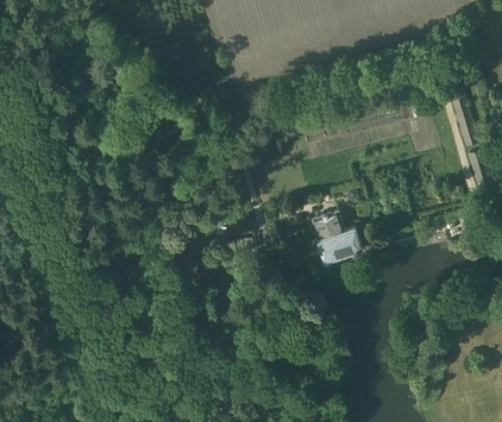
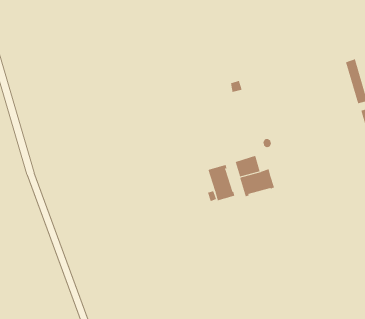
building: none -> [208,164,235,201]

